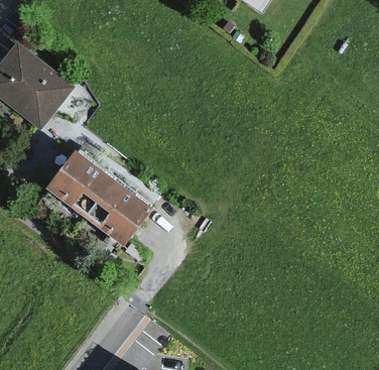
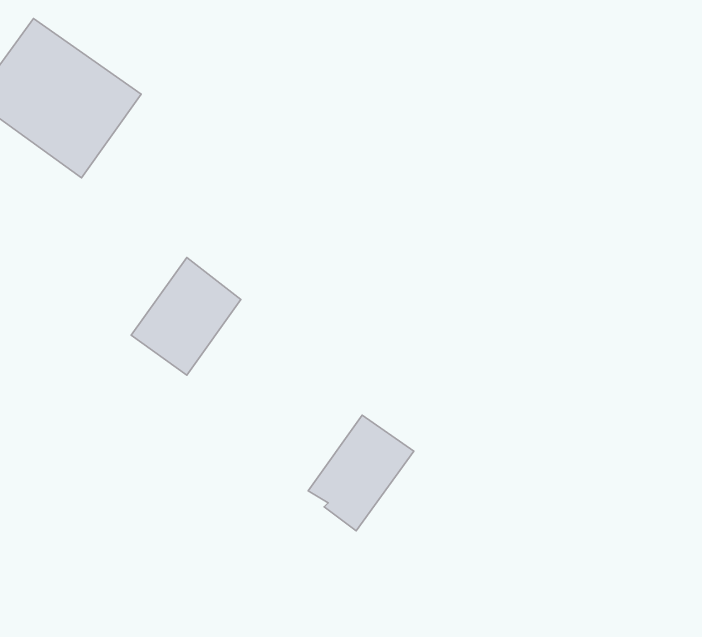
building: [42,147,97,206] -> none
building: [97,188,150,246] -> [308,415,414,531]

